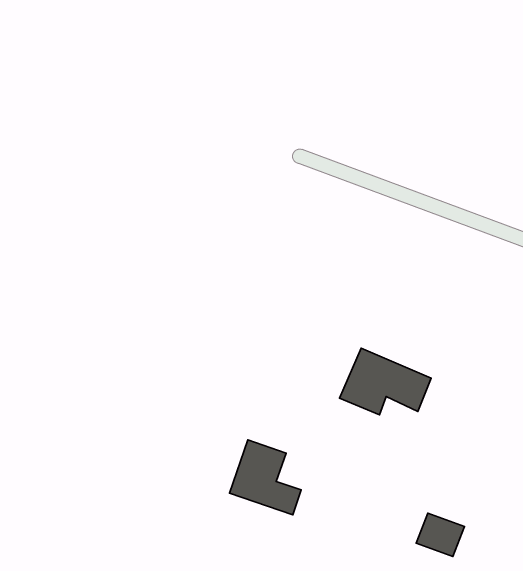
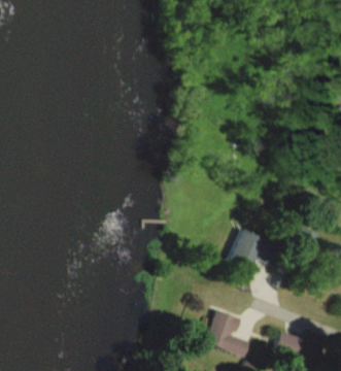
building: [230,440,301,515] -> [204,309,248,356]

